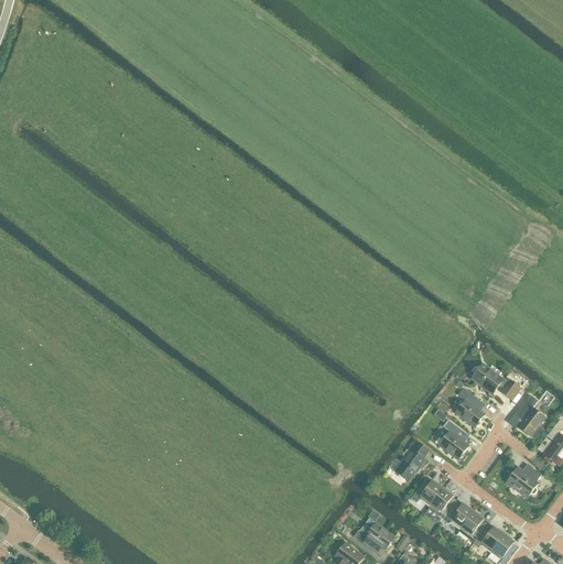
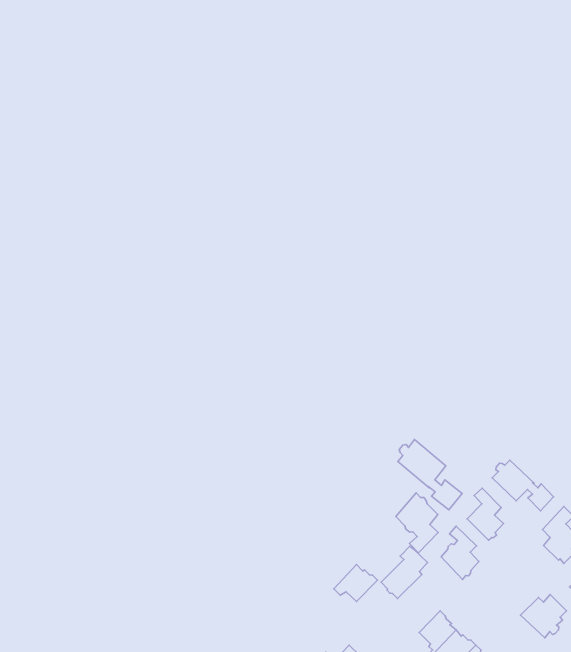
building: none -> [398,440,462,510]
building: none -> [396,493,438,553]
building: [410,476,443,505] -> [334,565,378,602]

